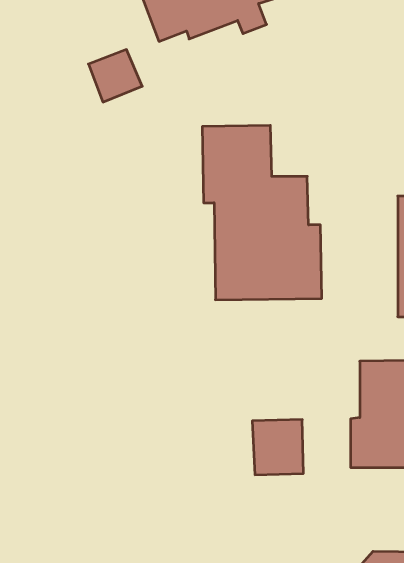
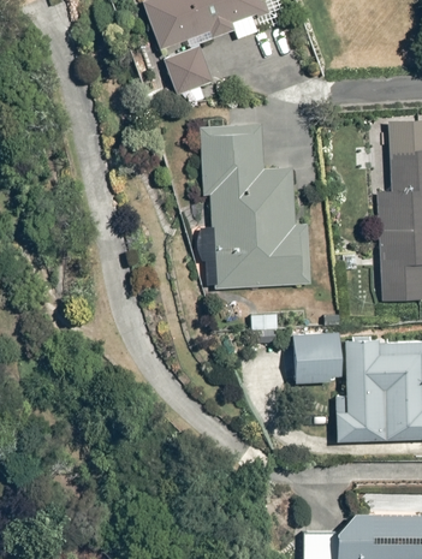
building: [88,50,142,102] -> [162,44,212,93]
building: [252,420,303,475] -> [291,331,338,381]

